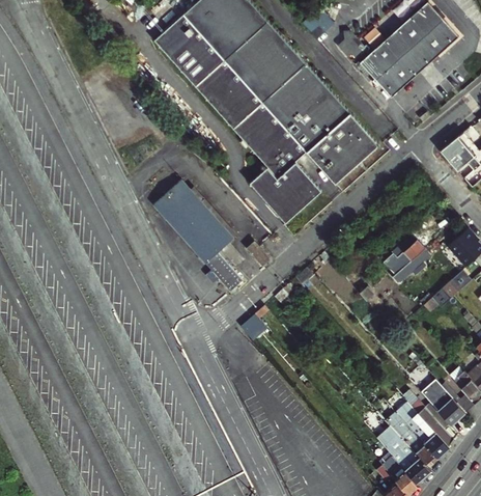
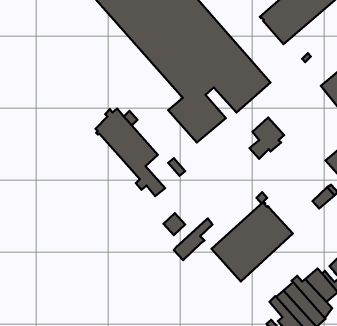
building: [386,235,430,287] -> [249,117,284,159]
building: none -> [212,202,293,281]
building: none -> [174,219,212,260]

